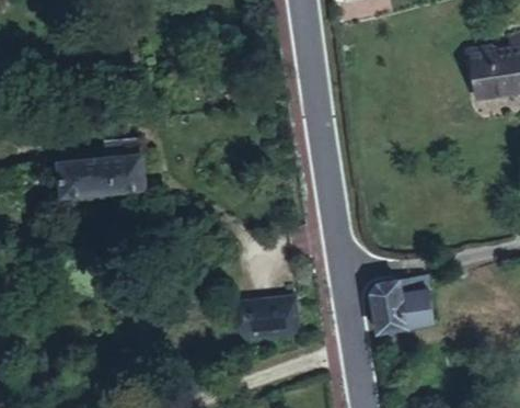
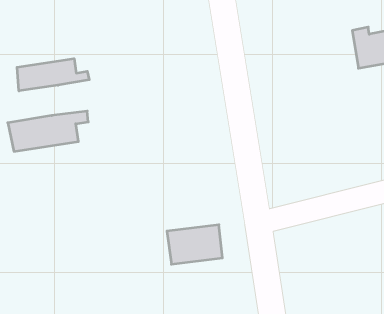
building: none -> [17,59,89,91]
building: [378,277,436,335] -> none

